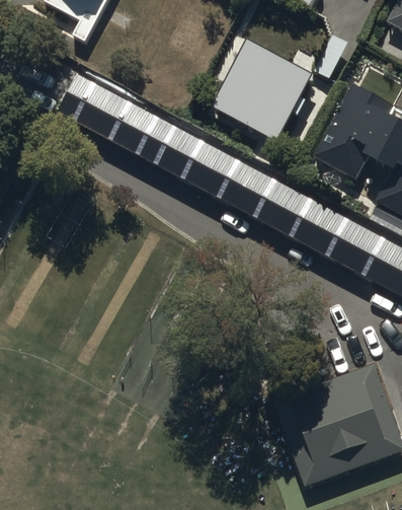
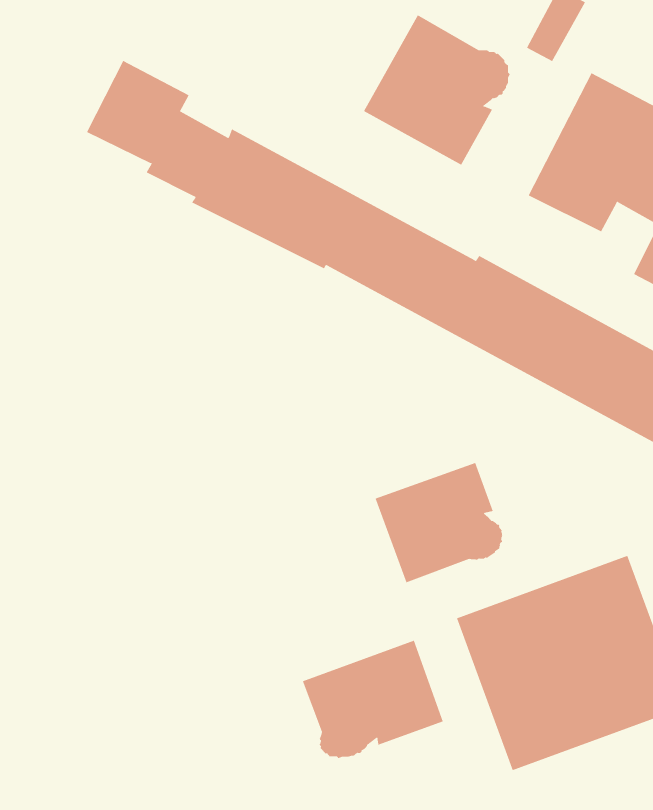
building: none -> [375,462,503,583]
building: none -> [302,640,443,759]

